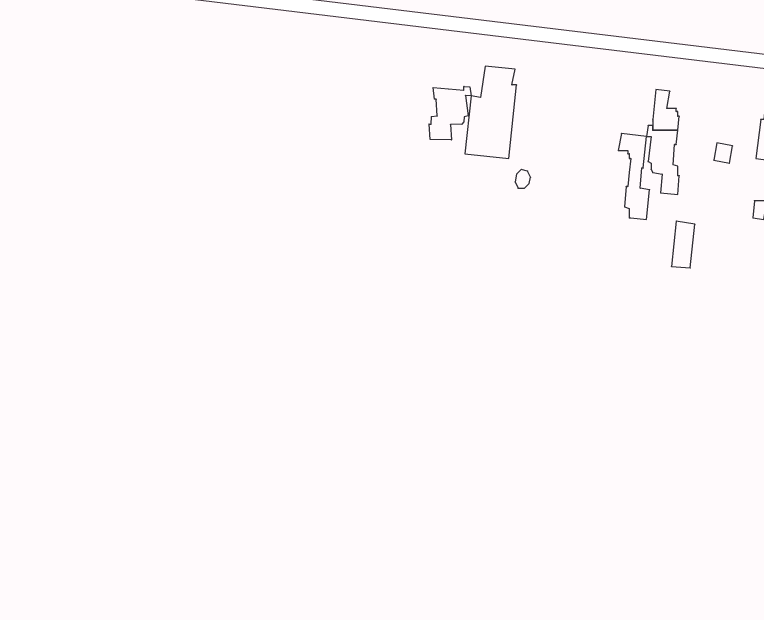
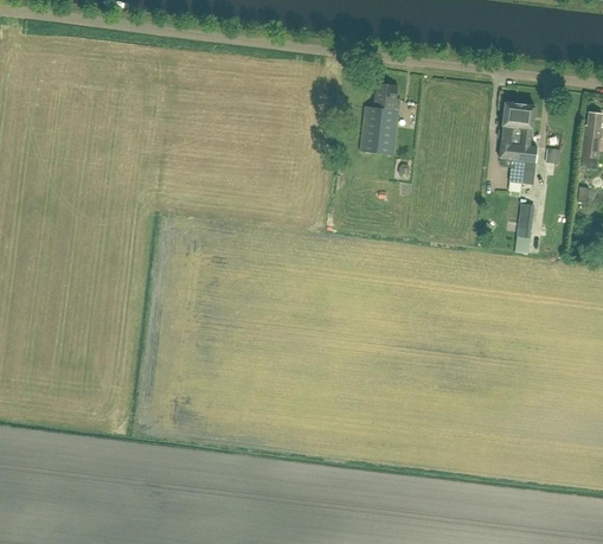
building: [429,86,471,140] -> none
building: [618,133,650,219] -> [513,104,537,169]

